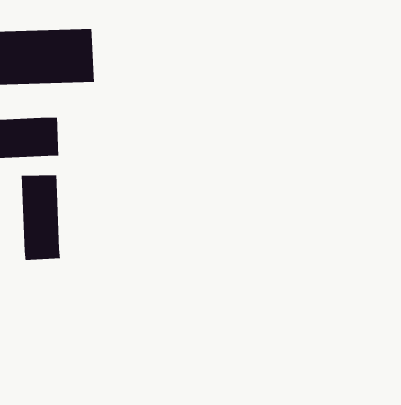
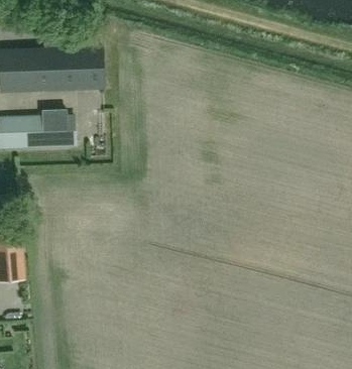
building: [21,174,61,261] -> none

